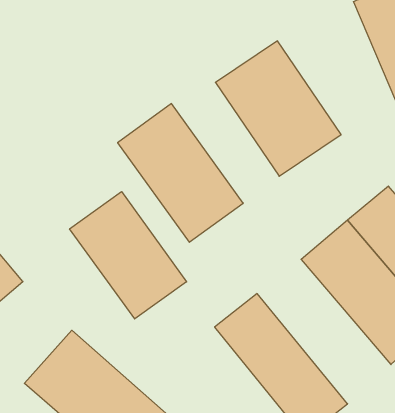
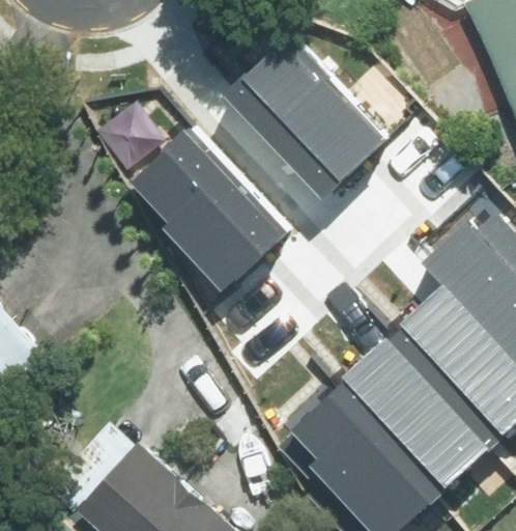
building: [70,192,187,319] -> none
building: none -> [327,331,497,514]

